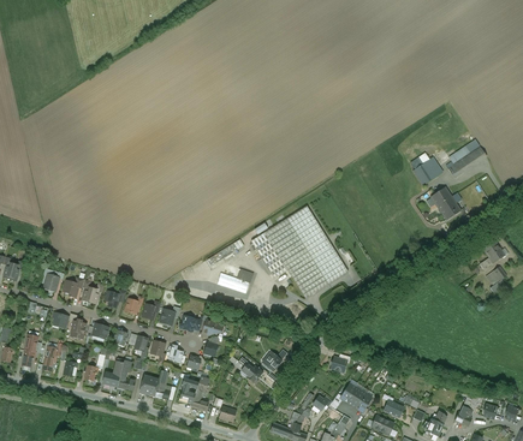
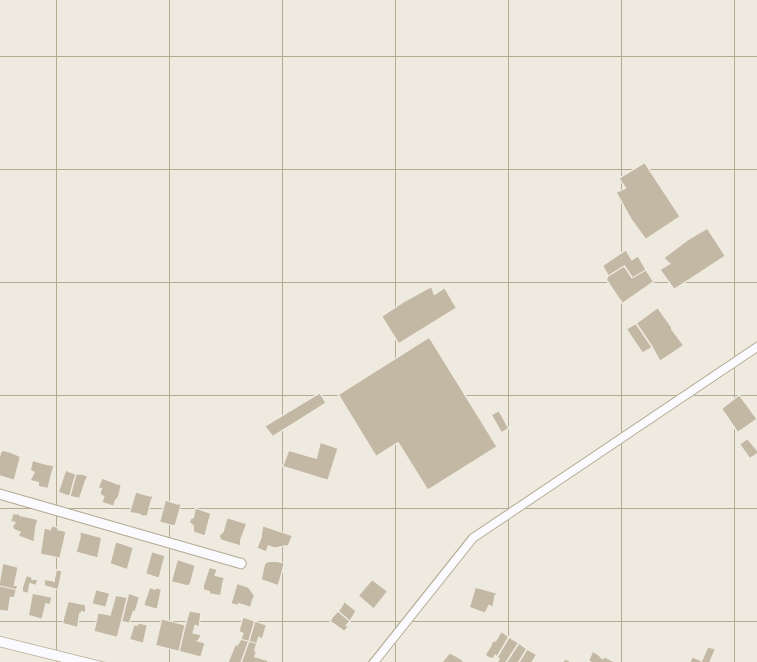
building: none -> [616,162,680,240]
building: none -> [382,287,456,344]

